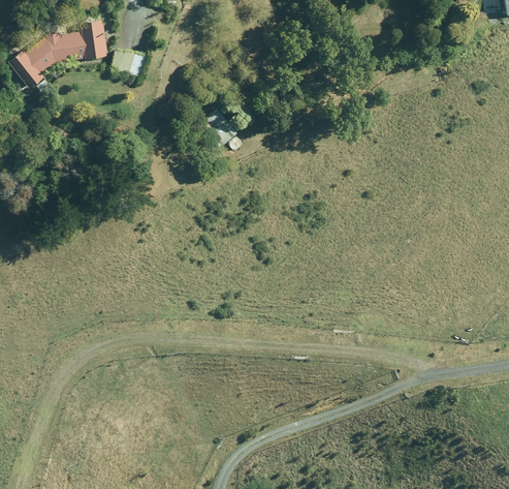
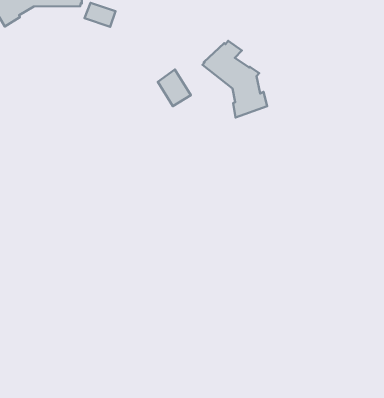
building: none -> [203,41,267,118]

